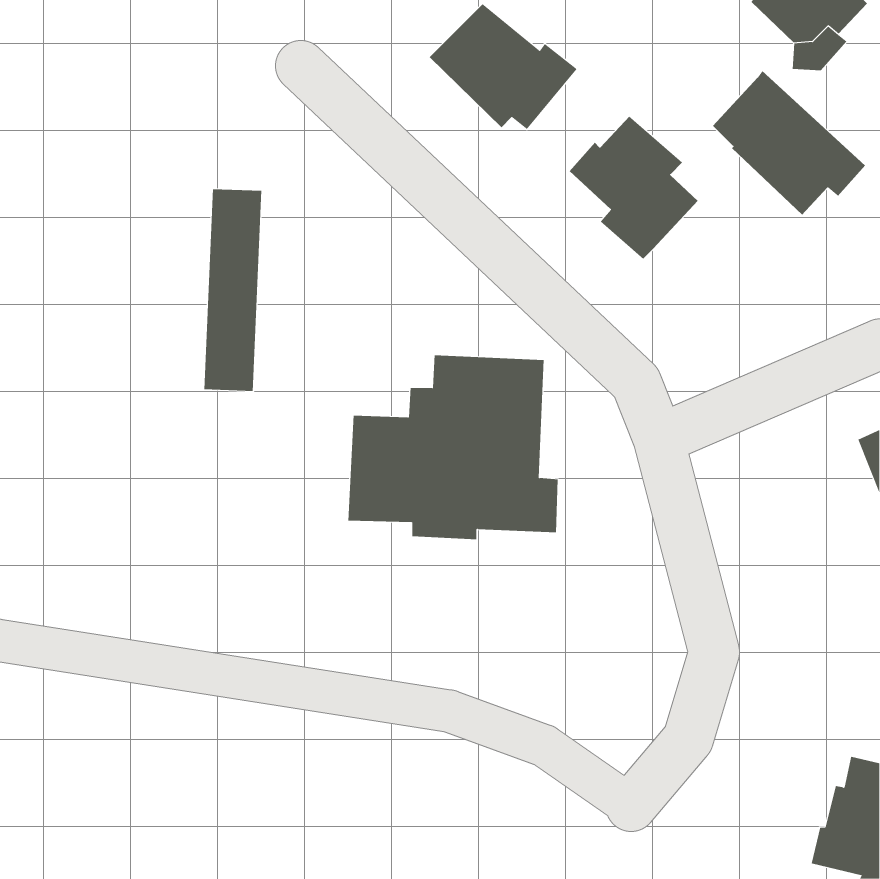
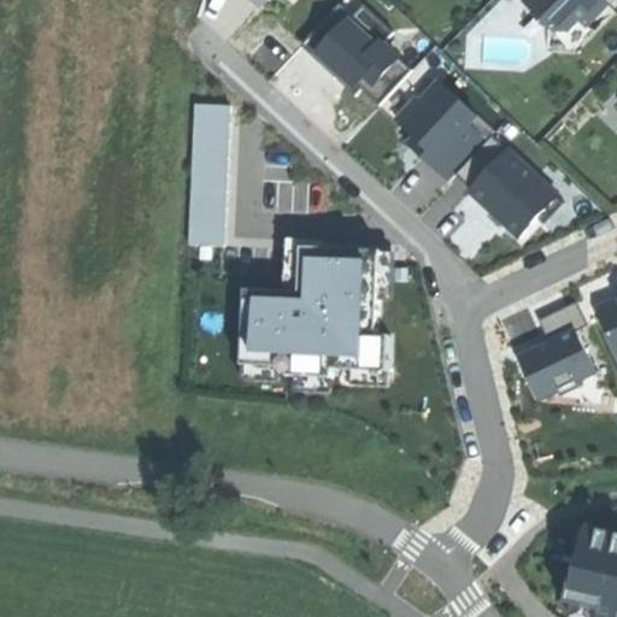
building: [712,70,866,216] -> [456,135,563,236]
building: [203,189,262,391] -> [188,102,229,243]
building: none -> [524,299,595,398]

